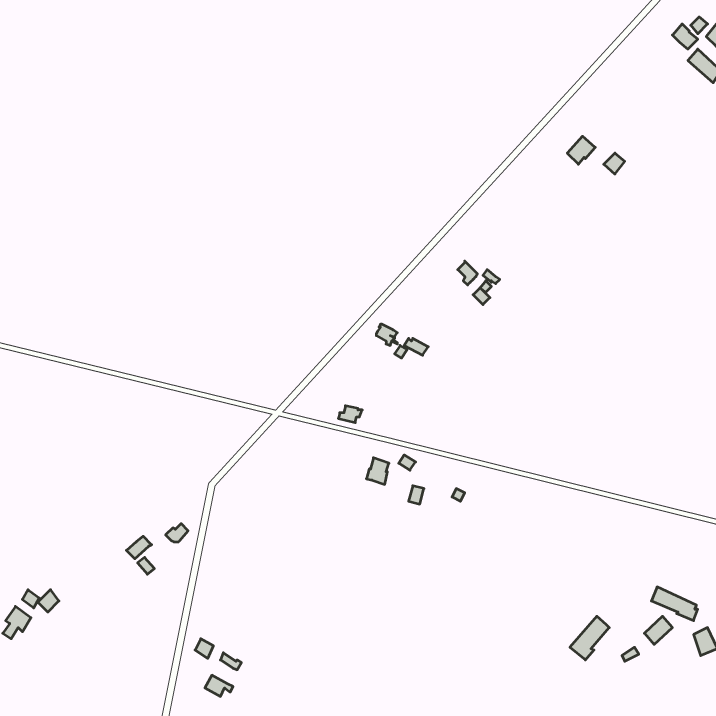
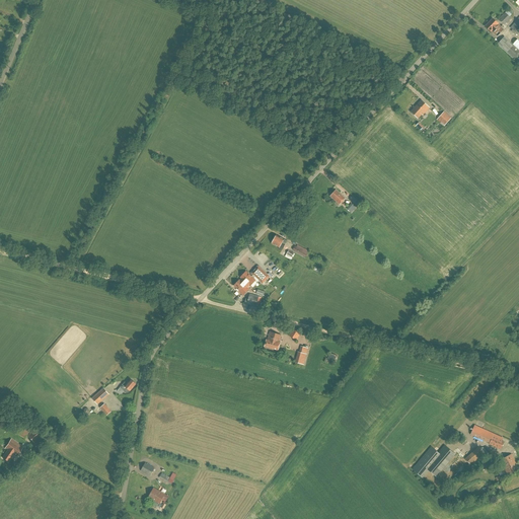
building: none -> [235,265,270,294]

